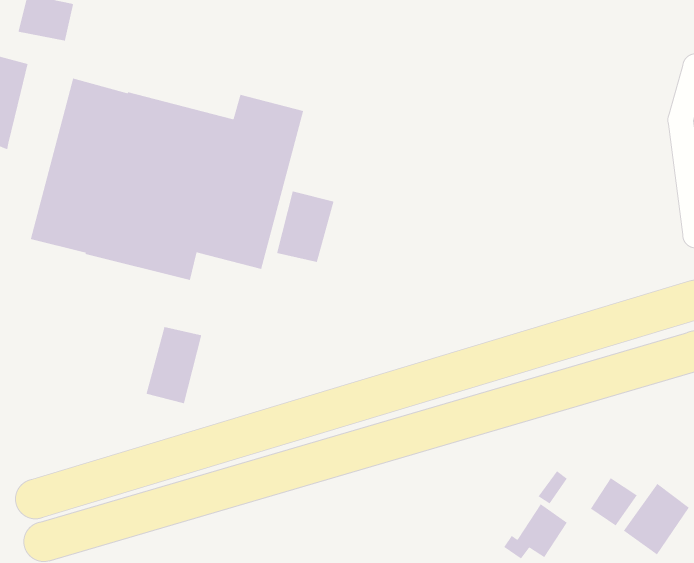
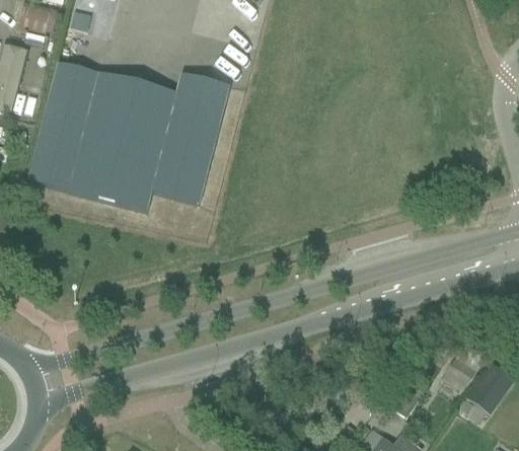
building: [276,191,335,263] -> none
building: [145,326,202,404] -> none

